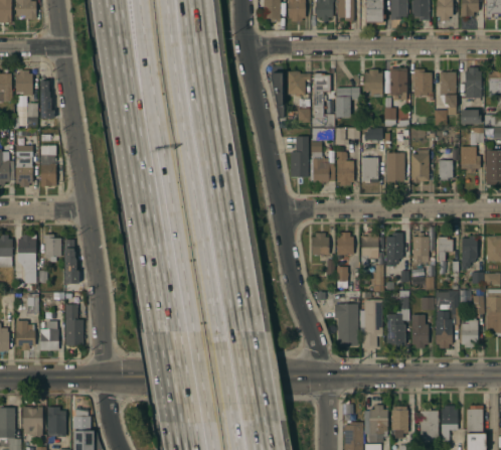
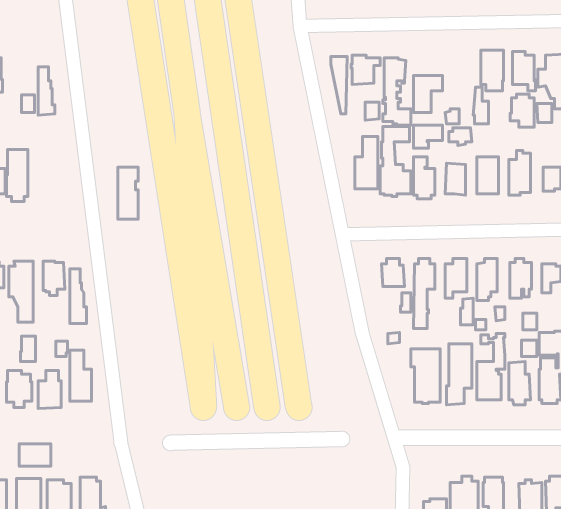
building: [363,69,382,96] -> [510,94,534,127]
building: [14,70,31,96] -> none
building: [39,145,55,186] -> [118,167,138,219]
building: none -> [19,444,51,466]

